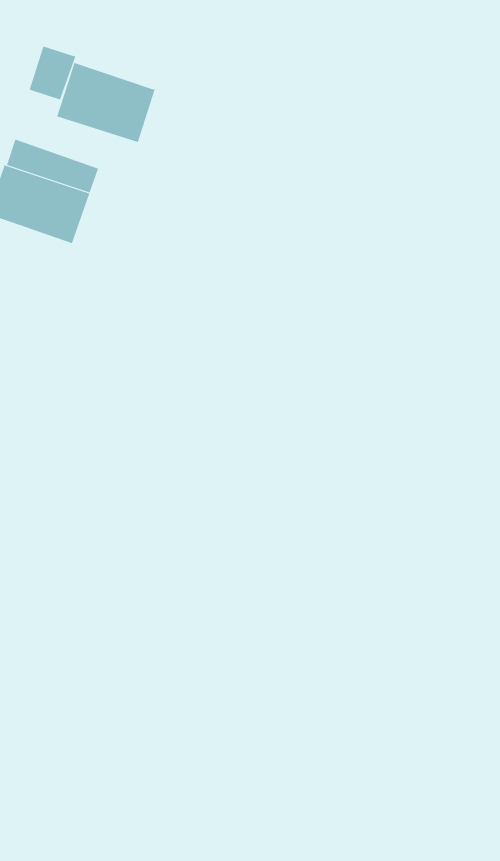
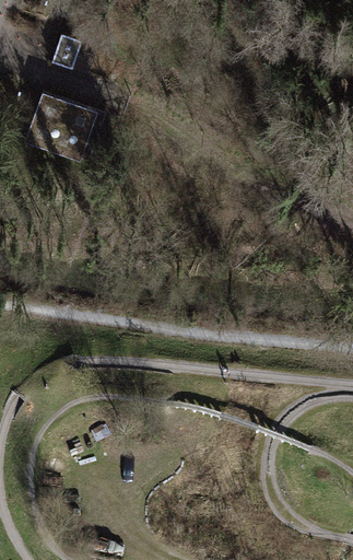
building: [57,62,156,143] -> none

